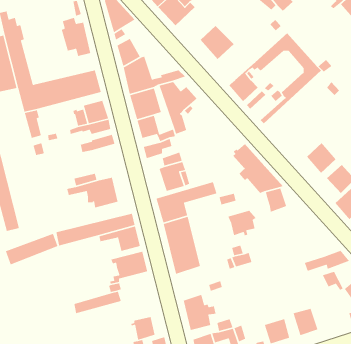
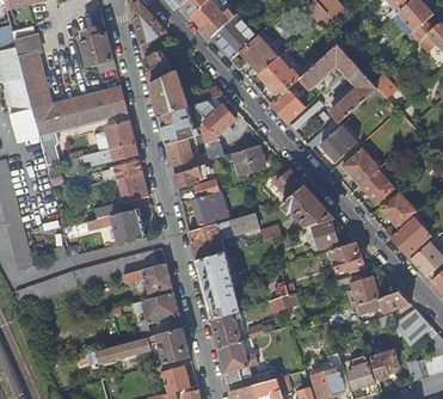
building: none -> [210,14,256,60]
building: none -> [258,56,300,98]
building: none -> [320,125,356,162]
building: none -> [233,145,264,174]
building: none -> [340,147,382,185]
building: none -> [117,171,148,202]
building: [227,210,257,236] -> [330,243,363,272]
building: none -> [349,275,379,305]
building: none -> [210,309,241,348]
building: none -> [156,326,190,362]
building: none -> [369,351,398,380]

